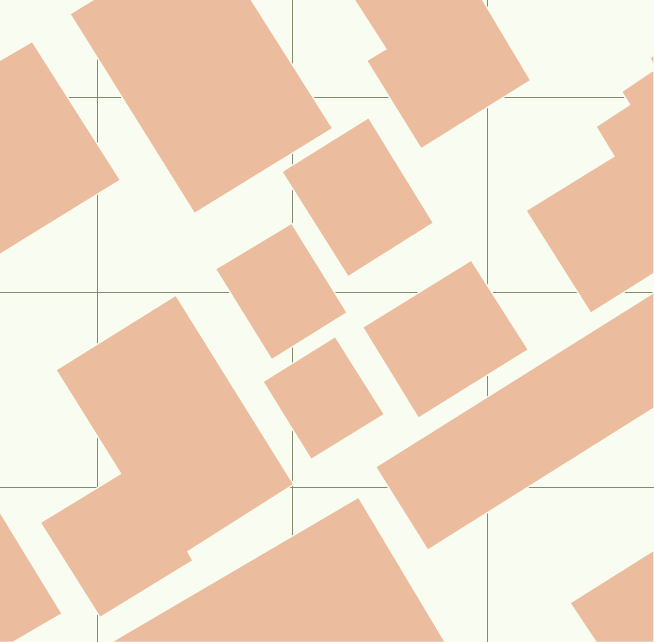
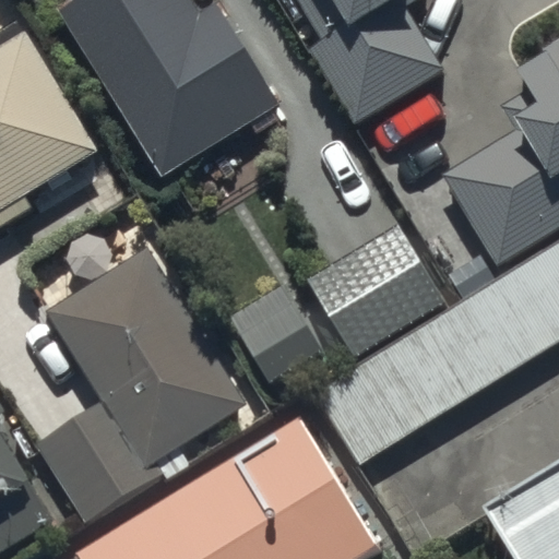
building: [282,117,433,277] -> none
building: [216,223,347,360] -> none

